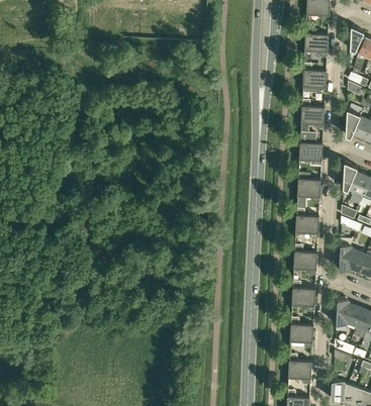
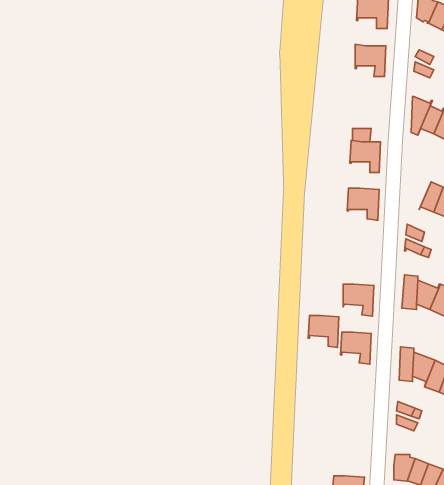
building: [301,106,324,130] -> none
building: [343,162,361,195] -> none
building: [295,215,319,239] -> none
building: [290,324,313,348] -> [308,316,339,348]
building: [288,361,312,385] -> none

